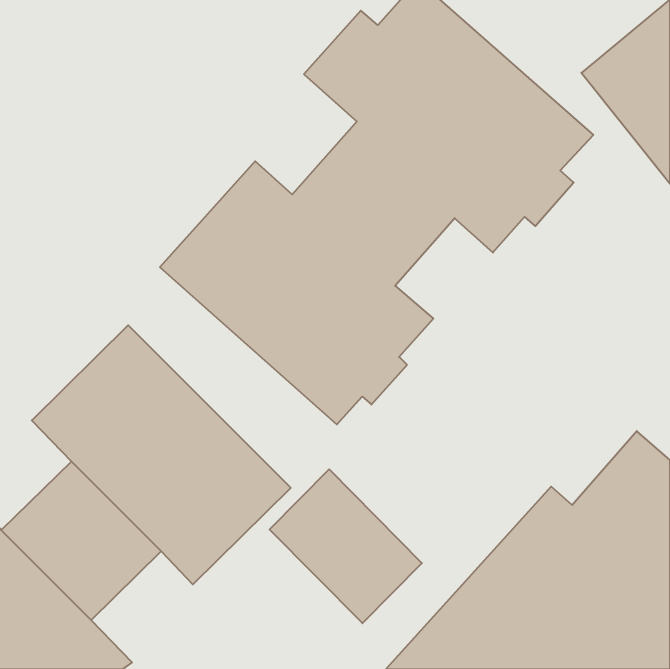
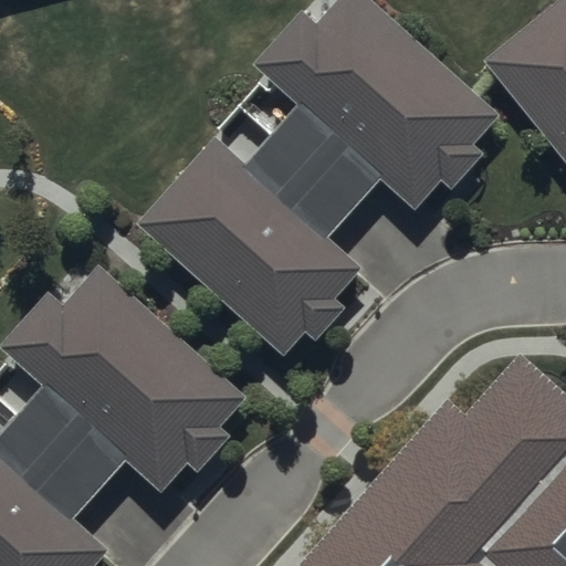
building: [270,469,422,623] -> none

